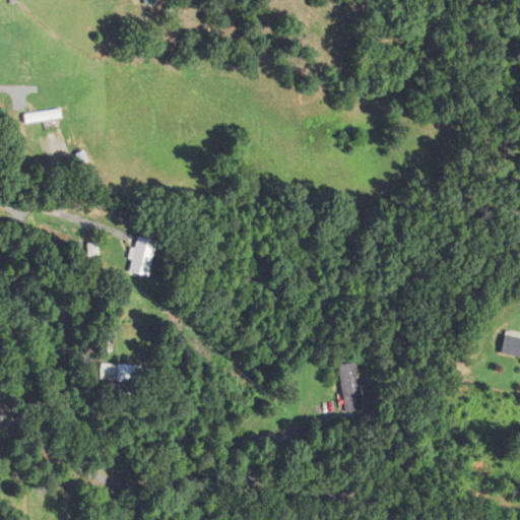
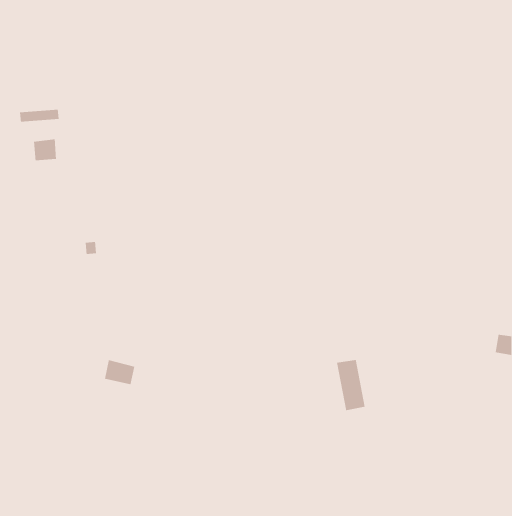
building: none -> [34,139,57,161]
building: [127,238,152,274] -> none

